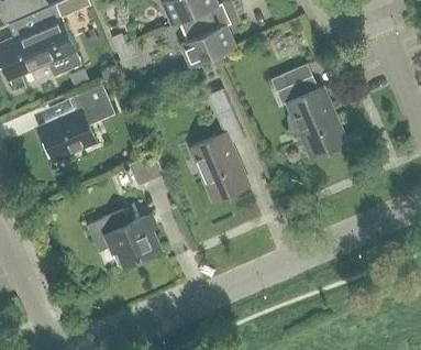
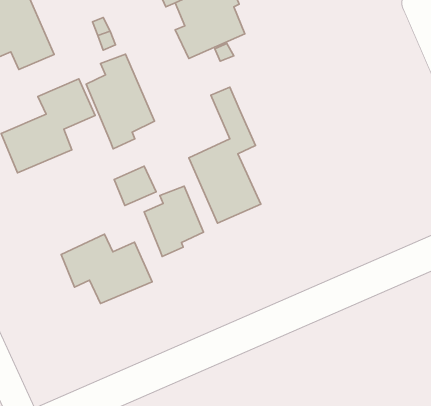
building: none -> [86,54,155,149]
building: [272,67,344,157] -> none
building: none -> [144,186,203,256]

